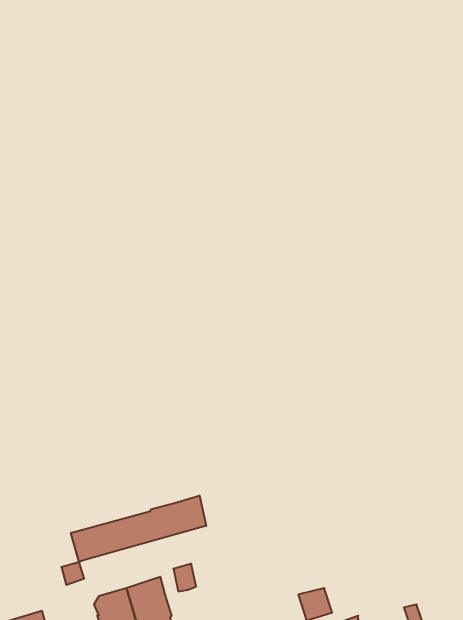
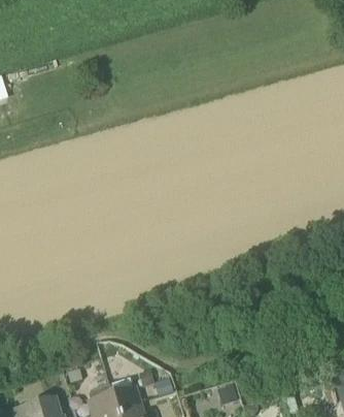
building: [71,496,206,562] -> none

